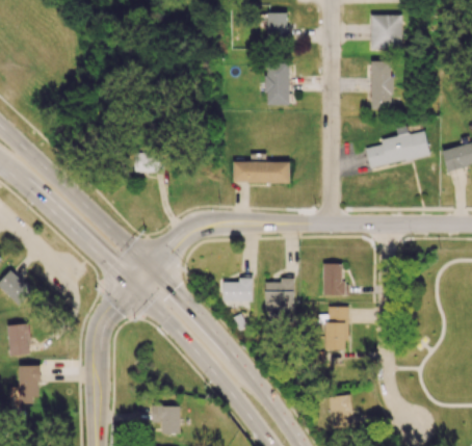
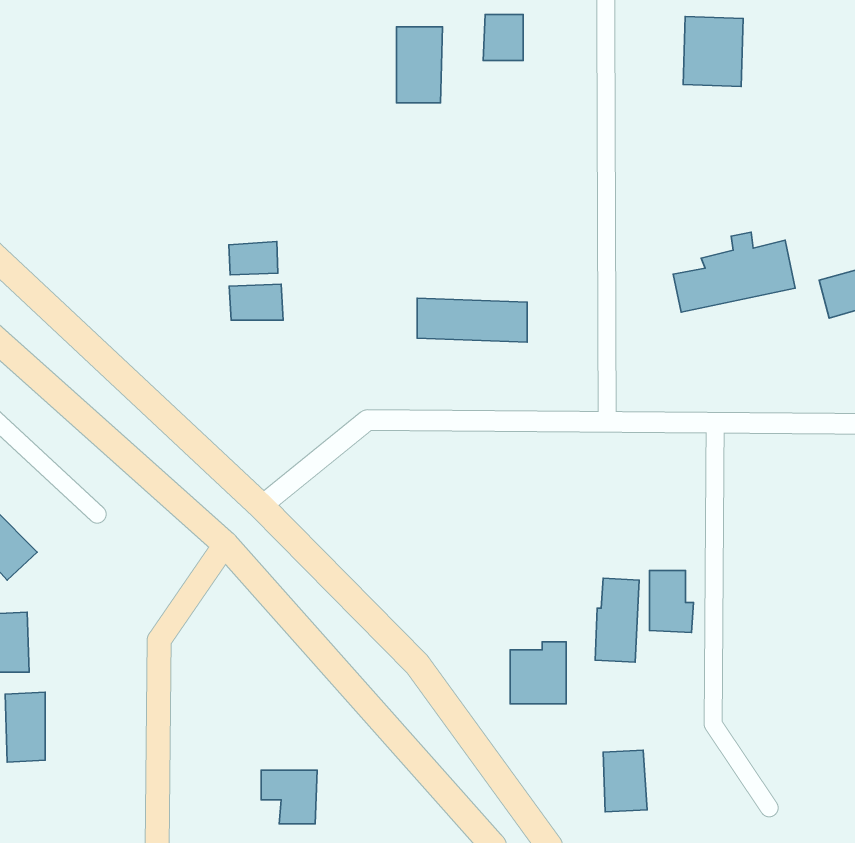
building: [370,61,391,109] -> none
building: [265,64,289,104] -> [396,27,442,103]
building: none -> [229,241,278,275]
building: [322,263,345,295] -> [649,570,693,632]
building: [222,274,252,300] -> none
building: [264,278,293,310] -> [510,642,566,704]

